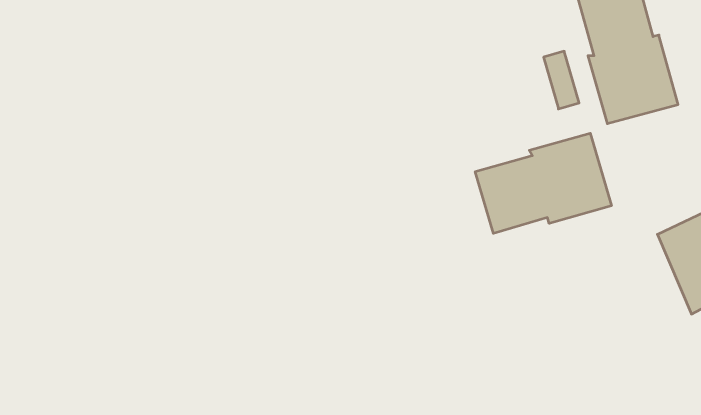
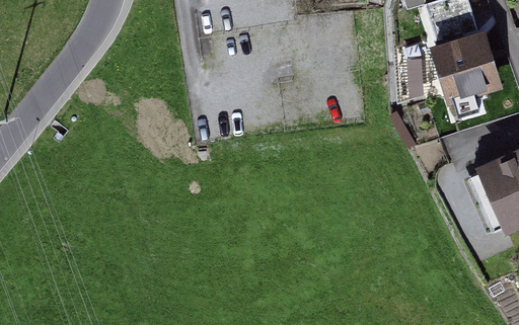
building: [475,133,611,233] -> none

